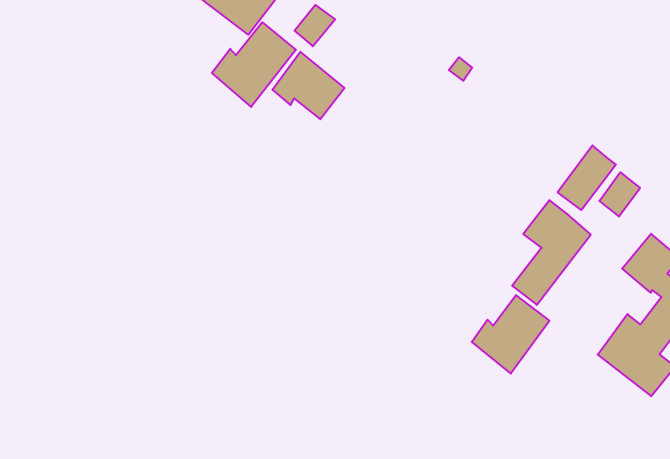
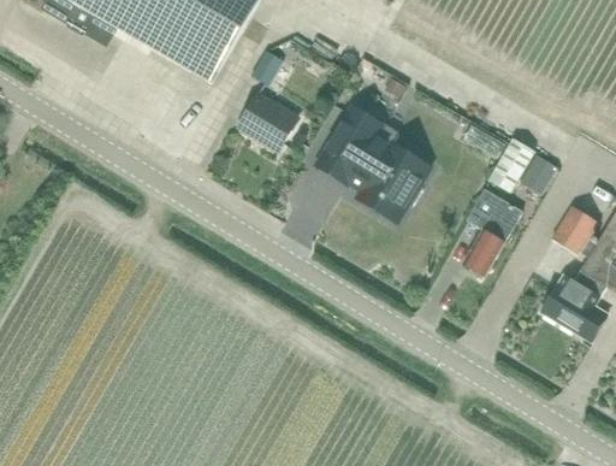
building: [212,22,296,107] -> none
building: none -> [314,105,430,220]
building: [472,295,549,374] -> none

